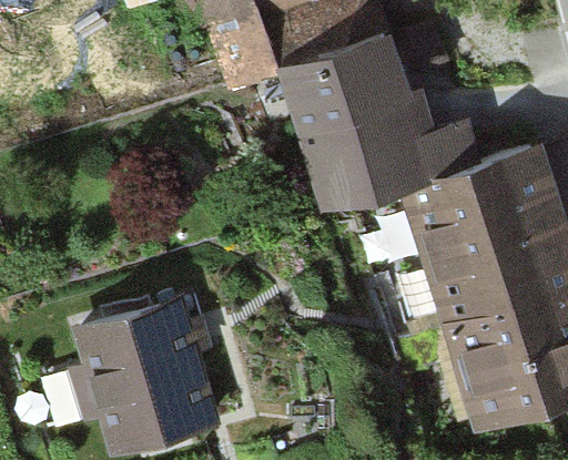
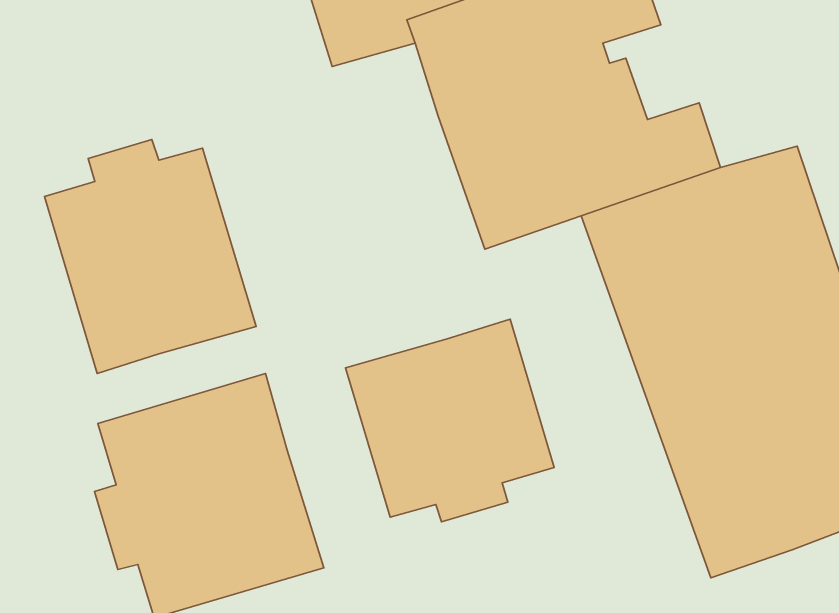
building: none -> [44,140,256,373]
building: none -> [345,319,554,522]

